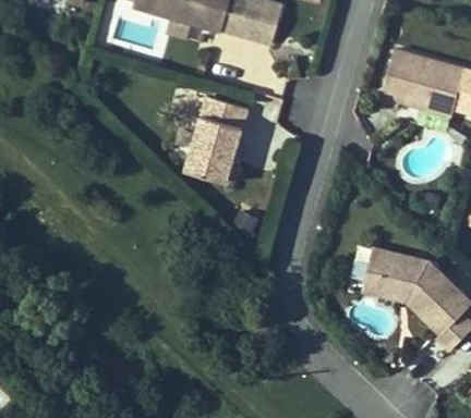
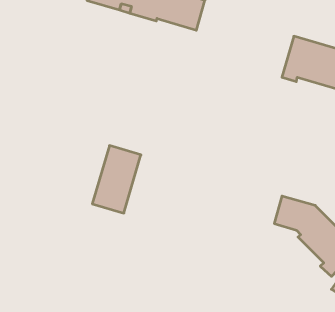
building: [184,94,246,180] -> [92,146,141,213]
building: [358,250,408,306] -> none

